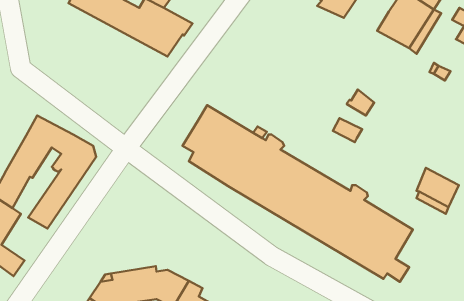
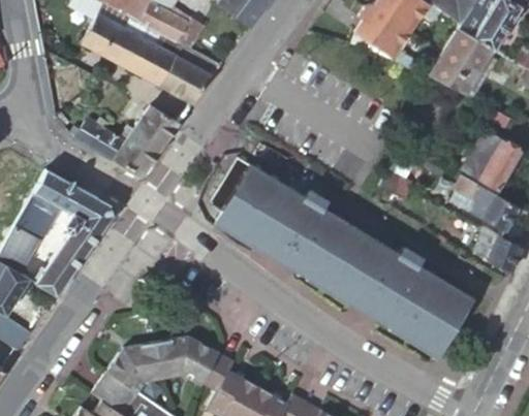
building: none -> [73,105,179,175]
building: none -> [465,130,520,189]
building: none -> [455,175,518,230]
building: none -> [19,204,73,283]

